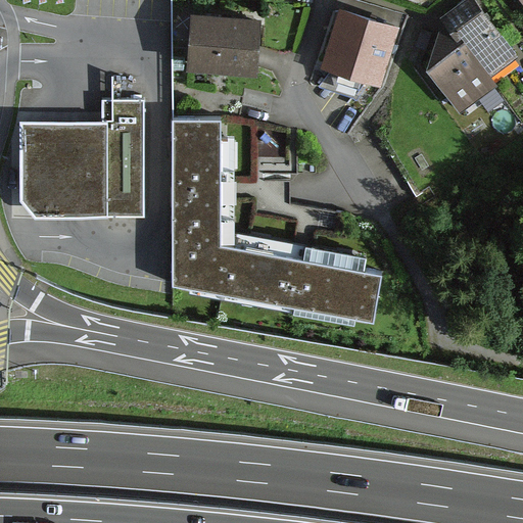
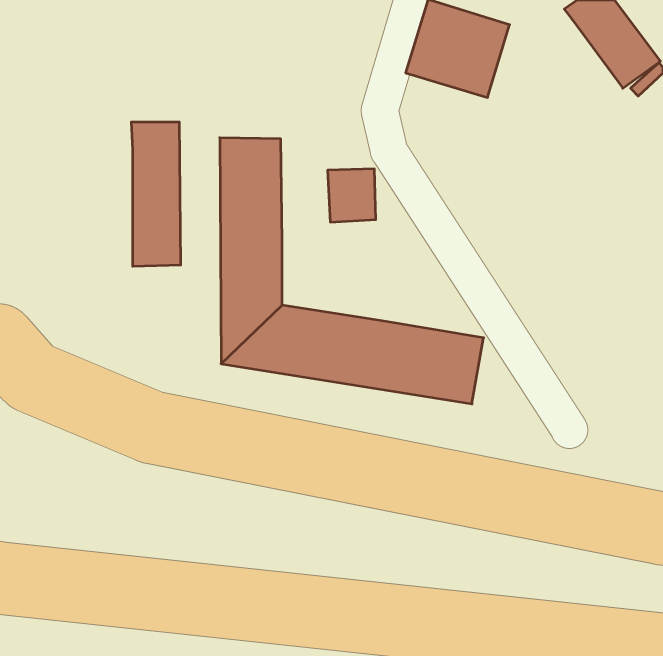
building: [191,15,256,73] -> none
building: [426,21,495,109] -> none
building: [23,124,104,219] -> none

